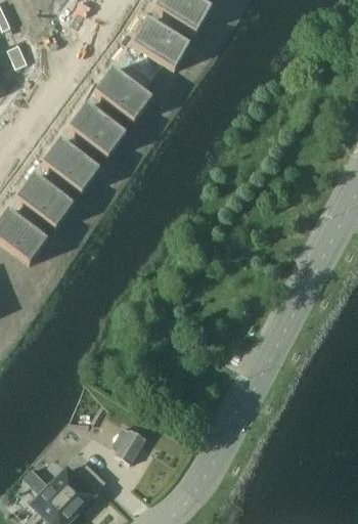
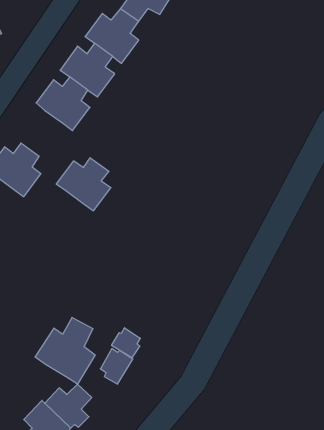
building: [14,170,73,226] -> [56,158,111,211]
building: none -> [35,317,95,384]
building: none -> [112,328,140,358]

